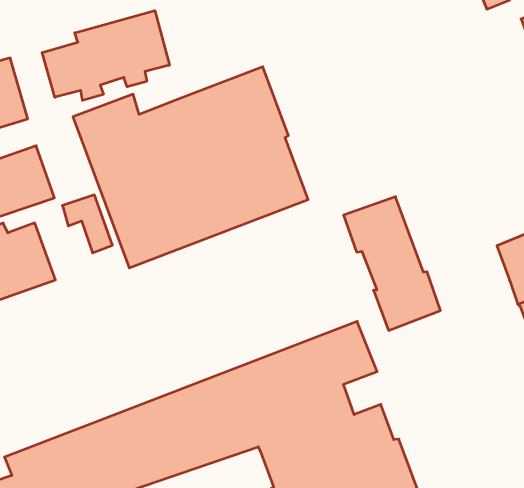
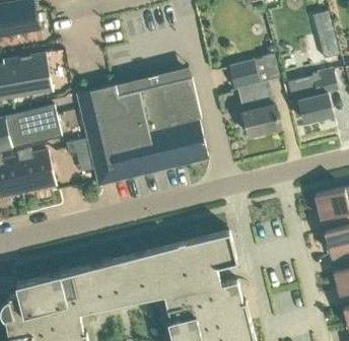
building: [42,11,169,100] -> none
building: none -> [290,69,339,122]
building: [344,197,440,330] -> [230,60,280,137]

